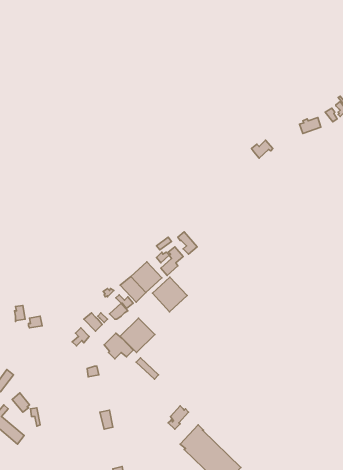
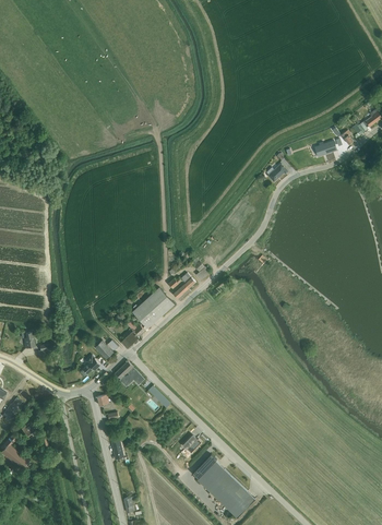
building: [152,277,187,312] -> none
building: [120,318,155,353] -> none

